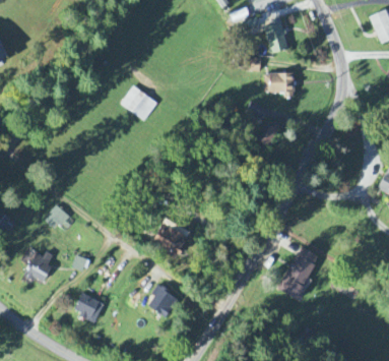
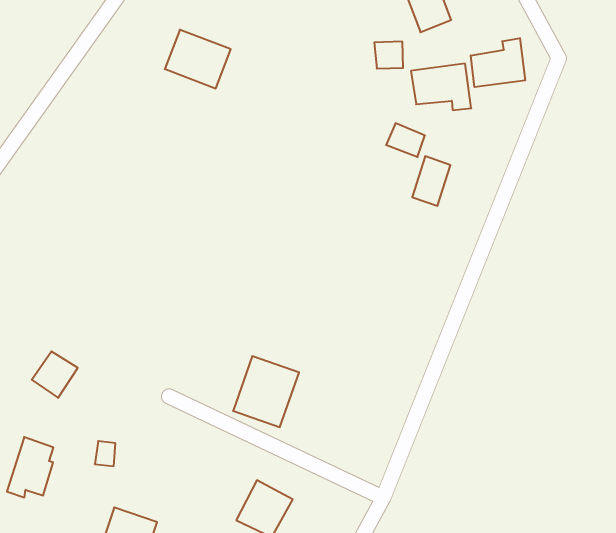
building: none -> [471,38,525,87]
building: [122,86,158,120] -> [165,30,231,88]
building: [279,247,319,300] -> none

